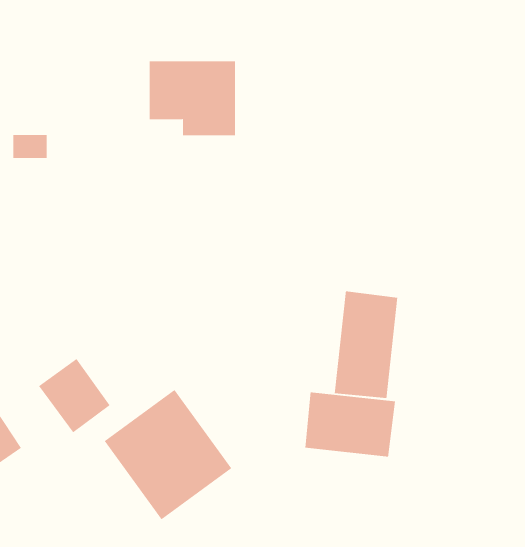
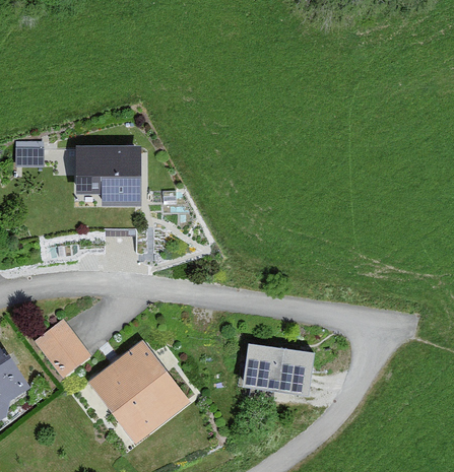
building: [149,61,236,136] -> [73,146,139,203]
building: [334,290,398,399] -> none

